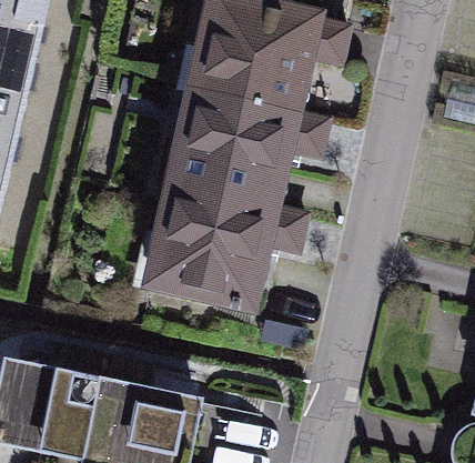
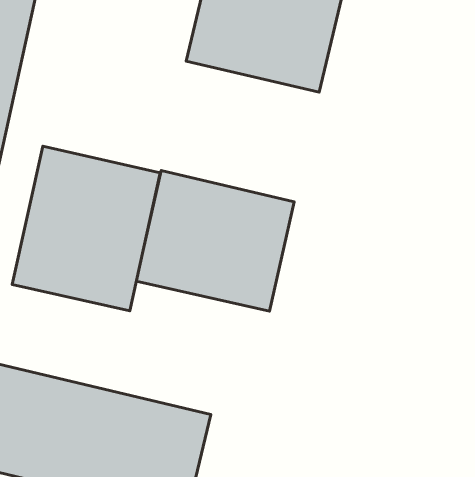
building: [161,85,302,211] -> none
building: none -> [12,146,160,311]

